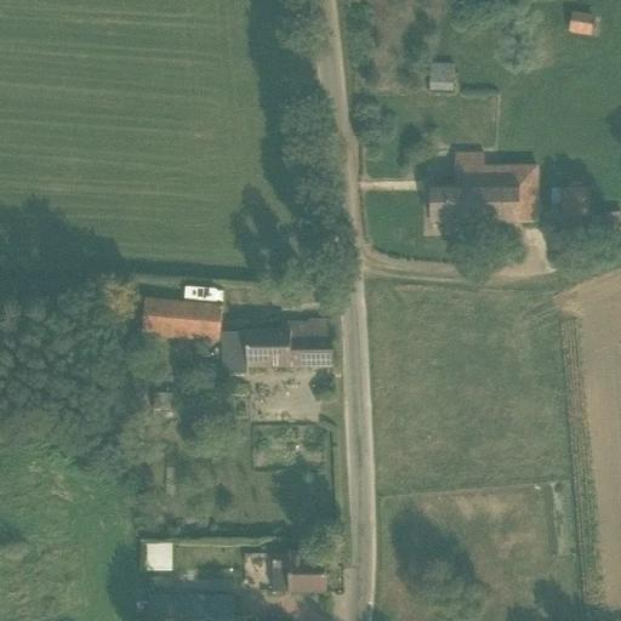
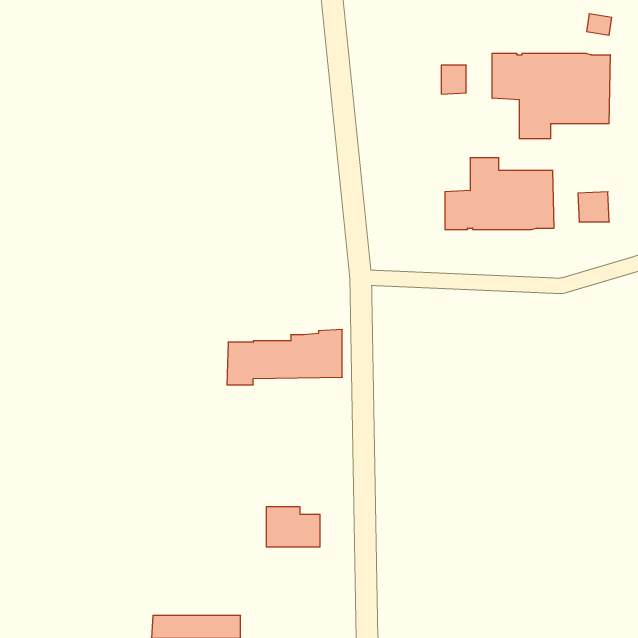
building: none -> [492,53,610,139]
building: [141,298,221,338] -> none
building: [272,552,324,591] -> [266,507,320,547]

